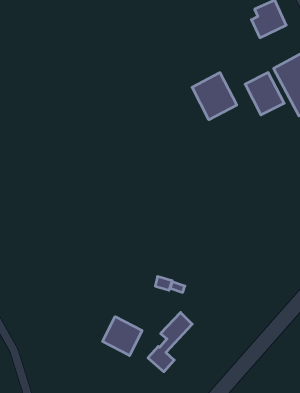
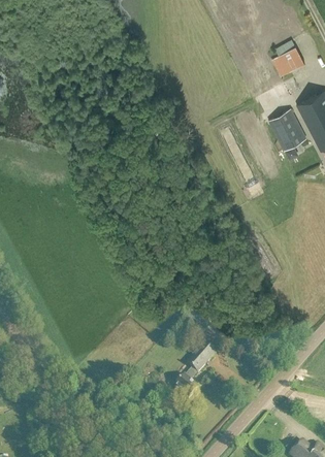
building: [192,73,237,120] -> none
building: [103,317,142,356] -> none

